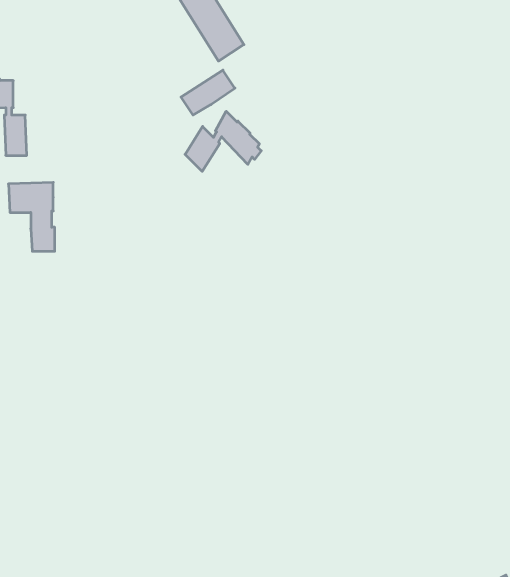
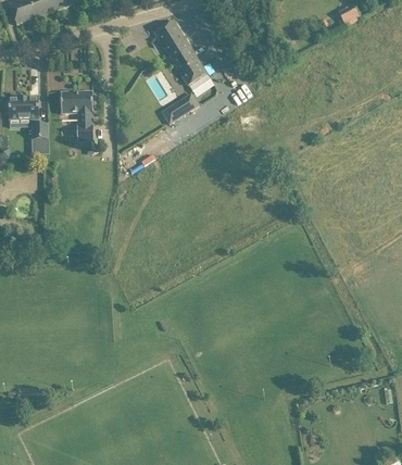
building: [185,111,261,171] -> none
building: [8,182,55,251] -> [61,91,95,141]

